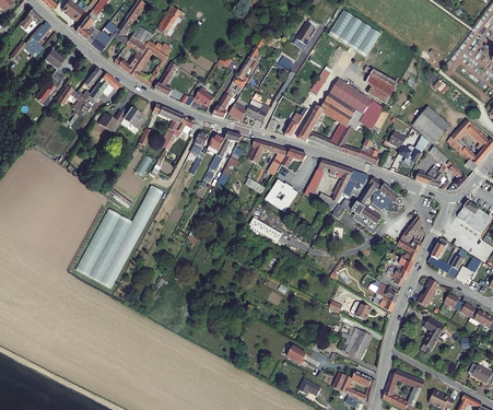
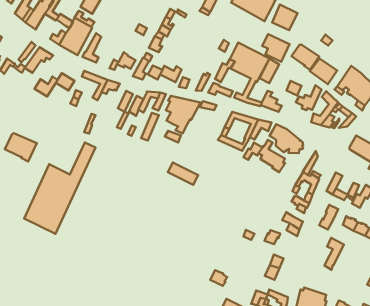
building: none -> [272,5,298,30]
building: none -> [292,45,319,70]
building: none -> [5,133,37,161]
building: [266,177,298,211] -> none

